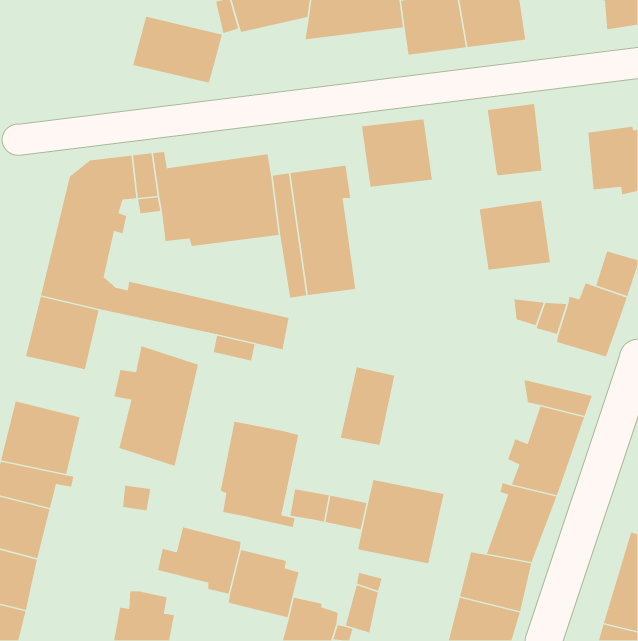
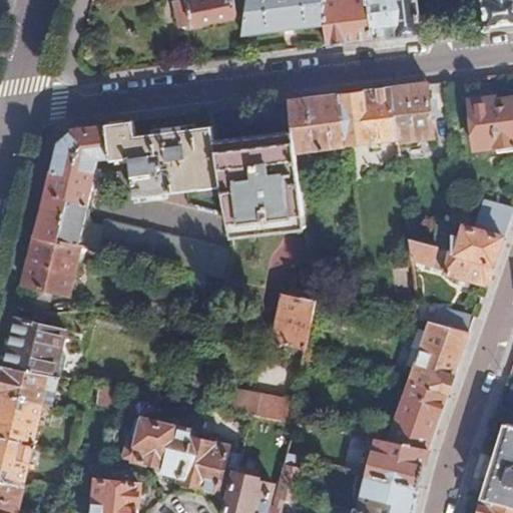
building: [132,16,223,84] -> none
building: none -> [274,129,306,230]
building: [479,200,551,270] -> [338,87,395,143]
building: [113,345,199,467] -> none
building: [220,421,299,528] -> none
building: [357,479,445,564] -> none

